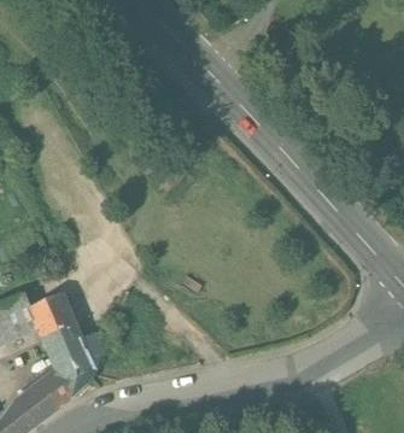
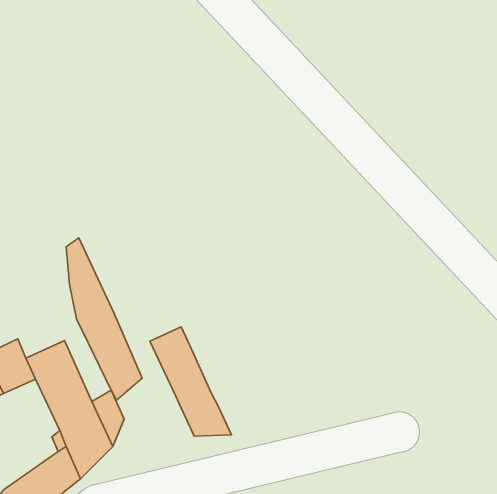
building: none -> [66,238,142,400]
building: none -> [150,327,231,436]

